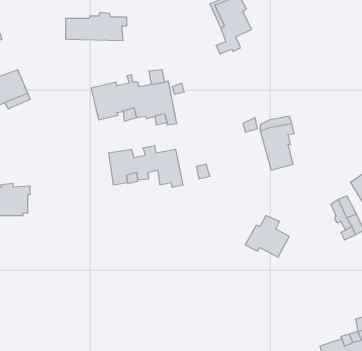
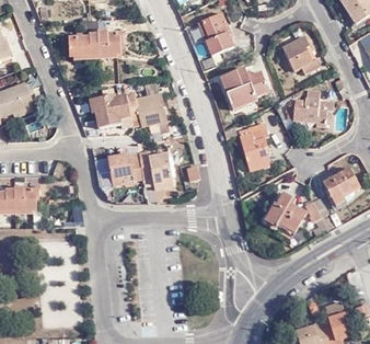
building: none -> [280,33,322,78]
building: none -> [217,66,269,112]
building: none -> [286,90,327,127]
building: [245,216,289,257] -> [266,195,305,232]

